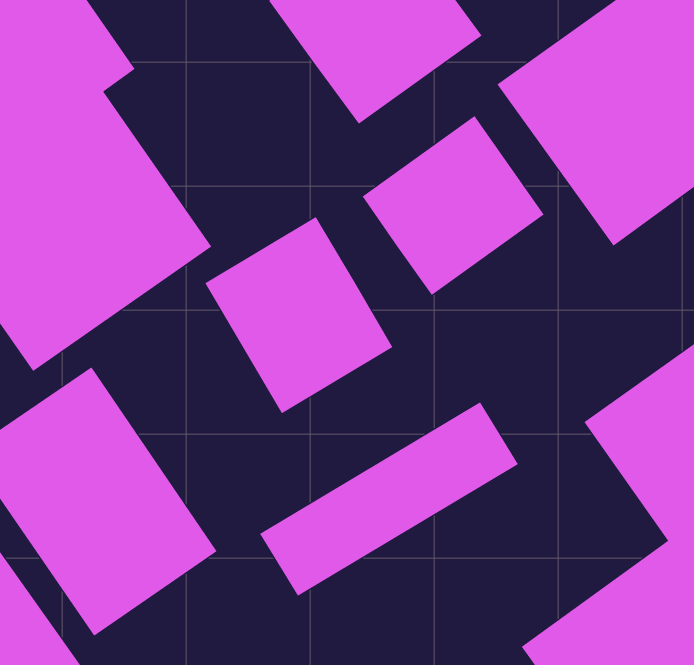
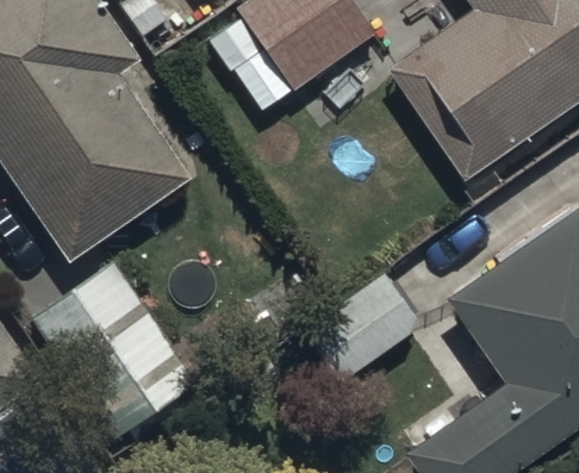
building: [362,115,545,296] -> none
building: [205,216,393,414] -> none

